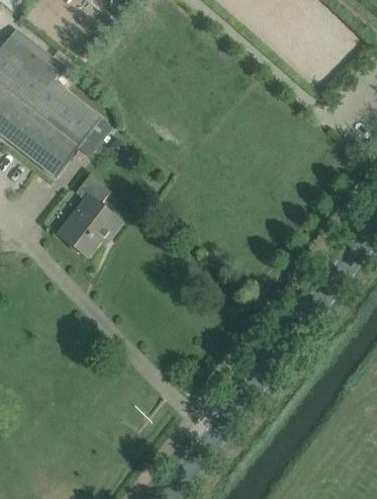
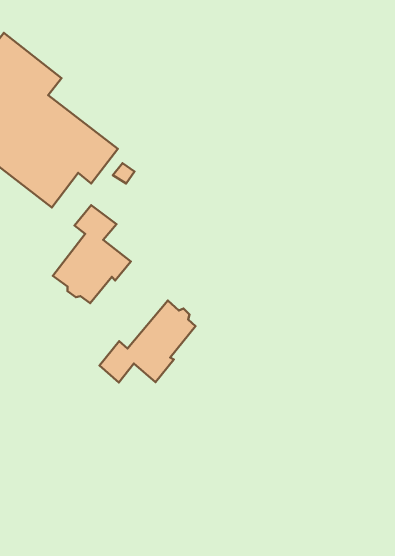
building: none -> [99,301,196,382]

